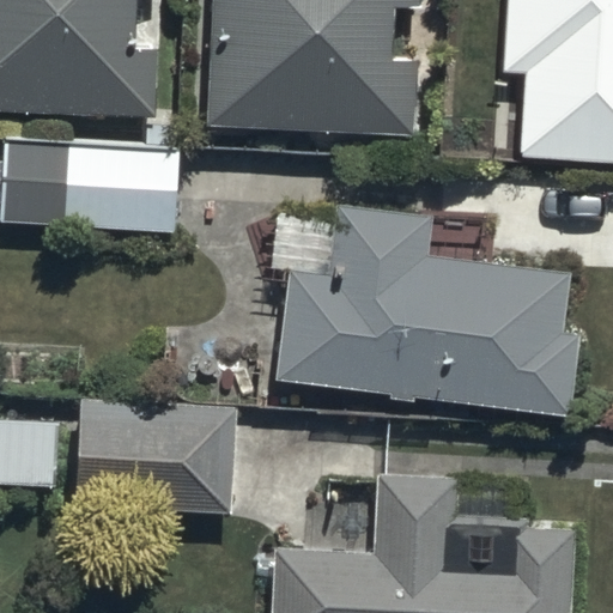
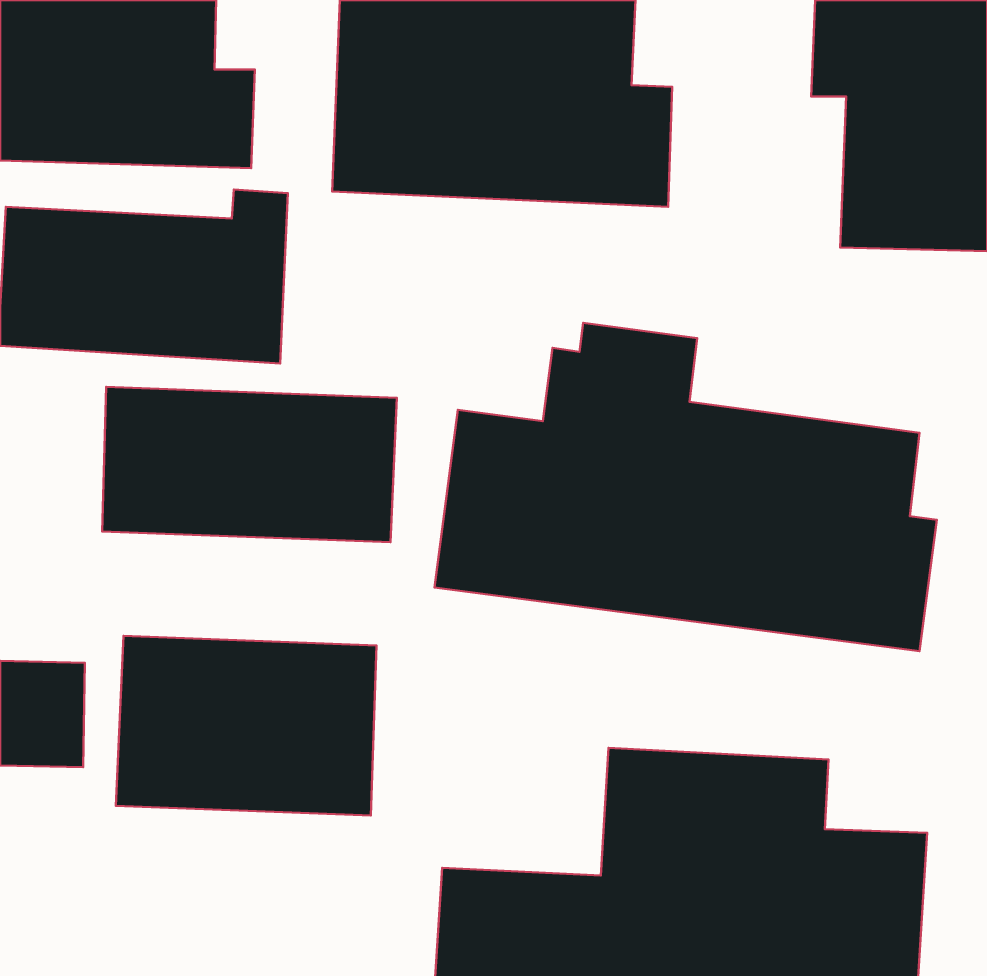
building: none -> [102,387,397,542]

